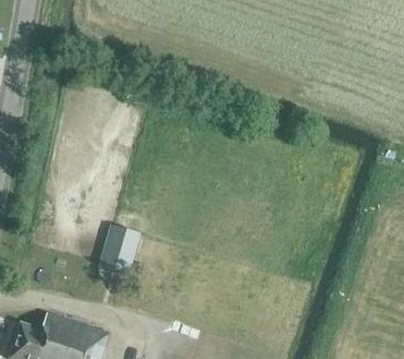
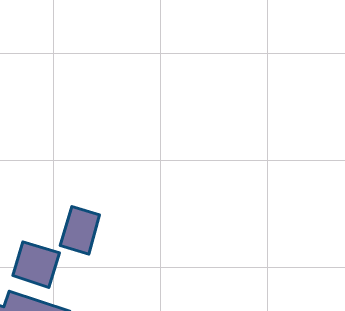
building: none -> [13,242,59,288]

